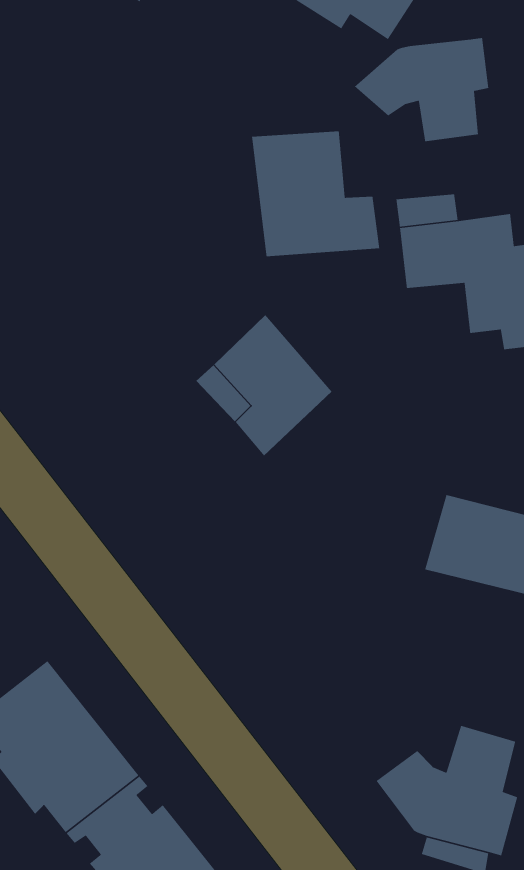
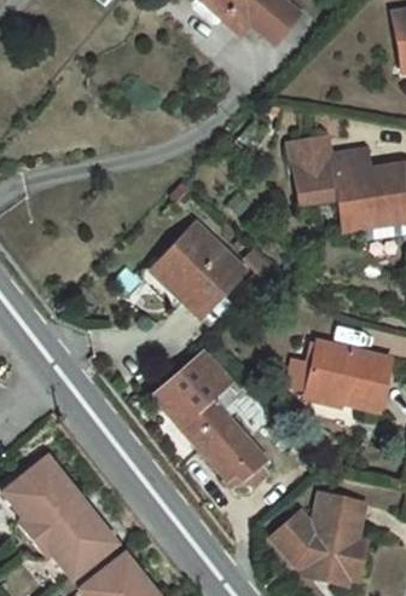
building: [354,37,489,142] -> none
building: [251,131,380,257] -> none
building: none -> [153,351,268,497]

